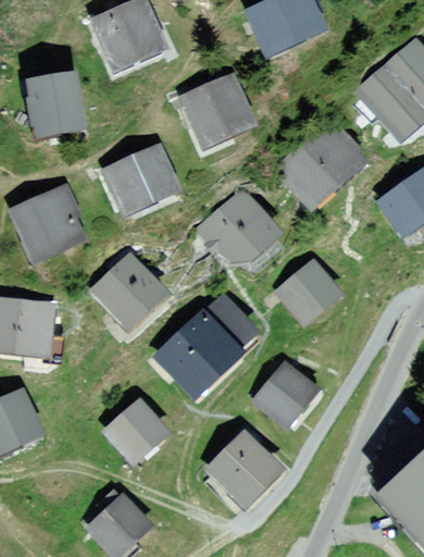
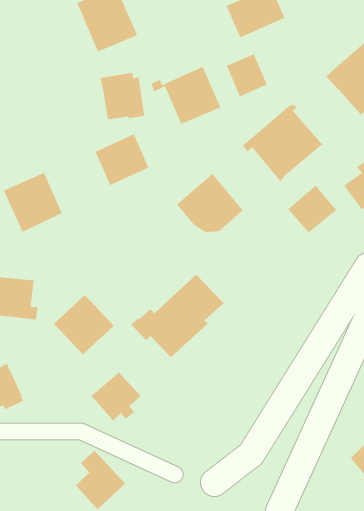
building: none -> [226,53,268,97]
building: [32,81,80,133] -> [99,71,145,120]
building: [95,259,160,324] -> [53,294,114,355]
building: [282,267,335,319] -> [287,185,337,234]
building: [260,370,311,421] -> none
building: [211,437,277,504] -> none

